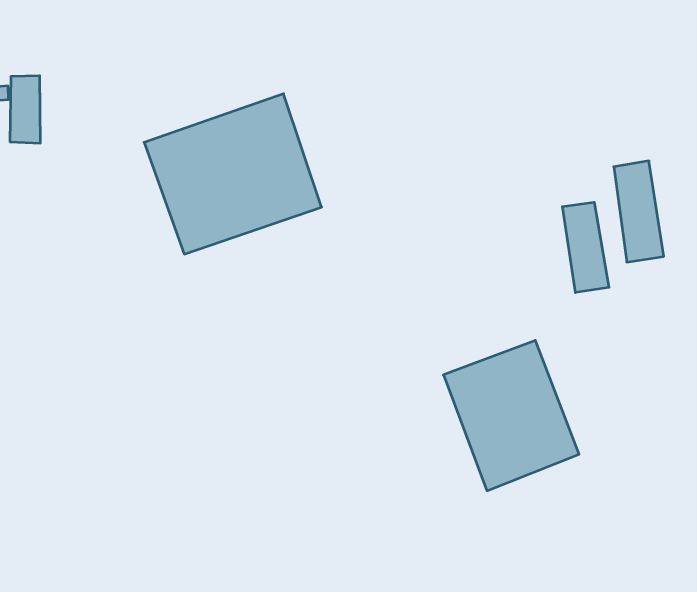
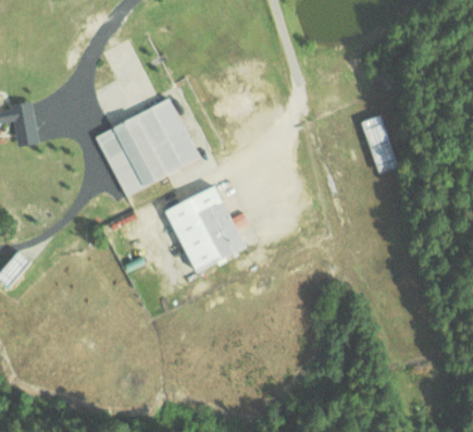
building: [562,202,609,293] -> none
building: [443,340,579,491] -> [163,185,245,273]

